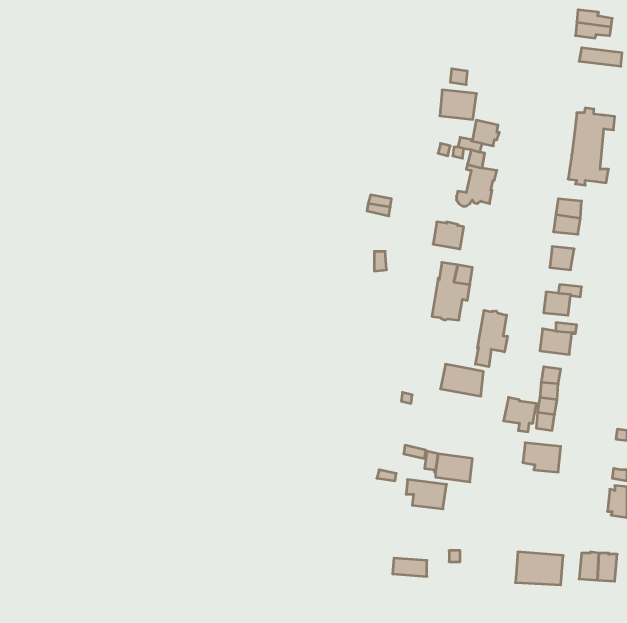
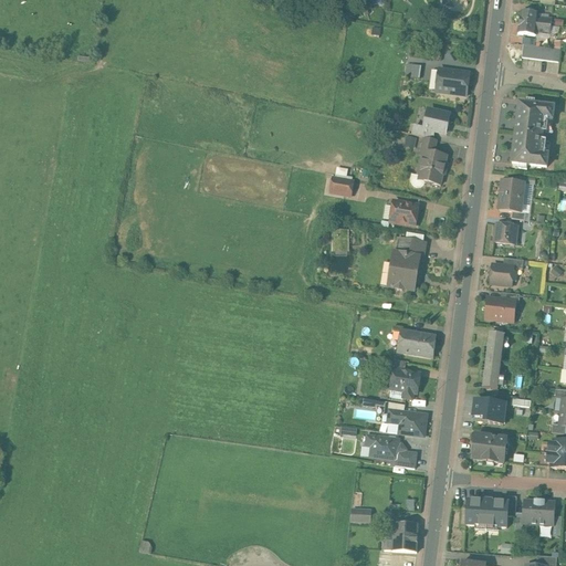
building: [440,90,477,119] -> [437,67,470,94]
building: [475,310,507,367] -> none
building: [503,397,537,432] -> [390,367,420,398]
building: none -> [473,433,506,461]
building: none -> [390,517,420,548]

